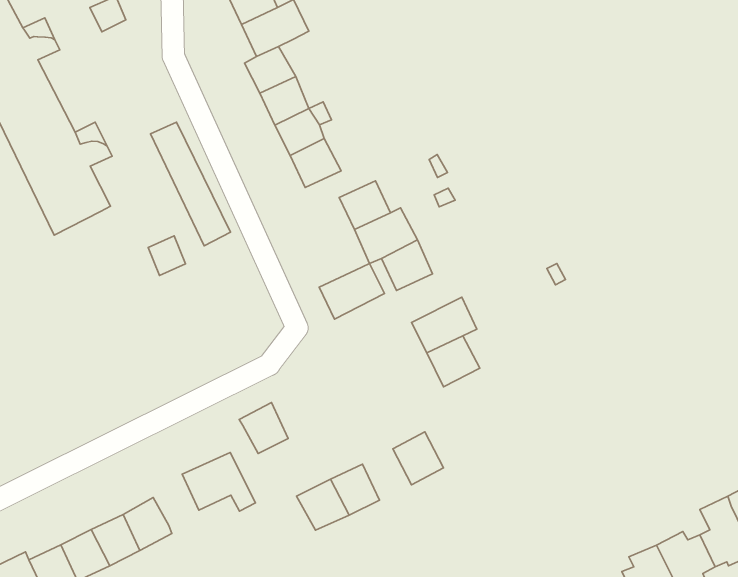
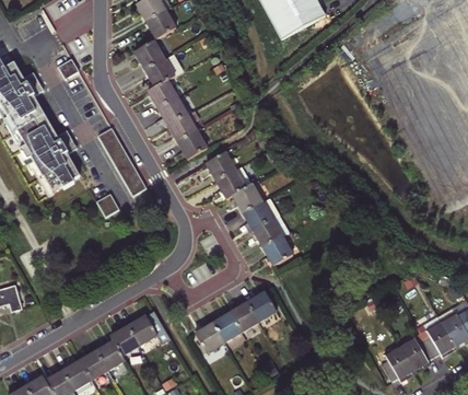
building: [319,264,385,319] -> [243,198,280,231]
building: [239,402,288,454] -> [112,326,140,356]
building: none -> [231,303,259,333]

